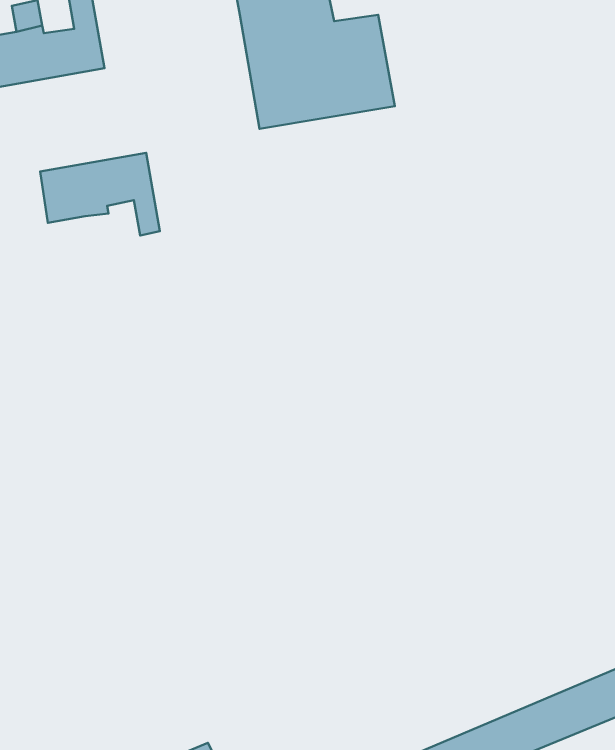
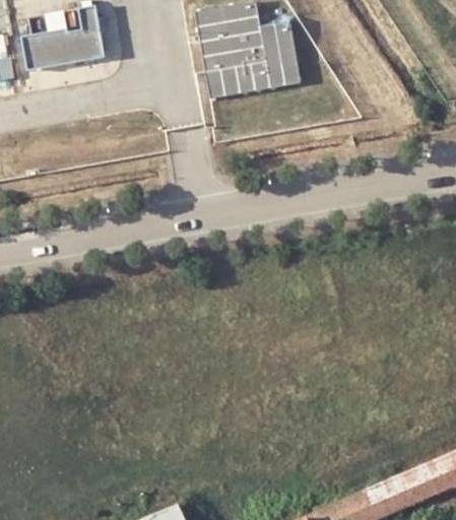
building: [40,153,160,236] -> none

